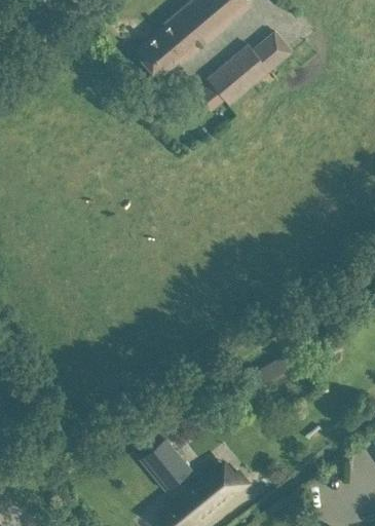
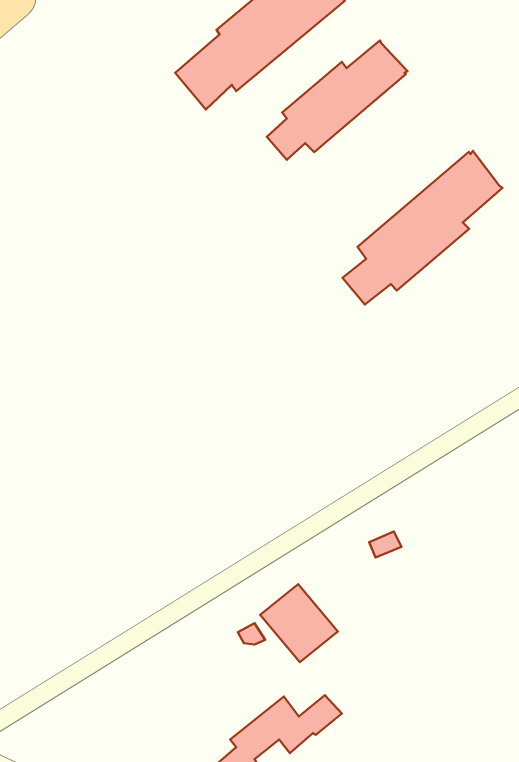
building: none -> [343,151,502,305]
building: [140,438,192,490] -> [260,584,338,662]

